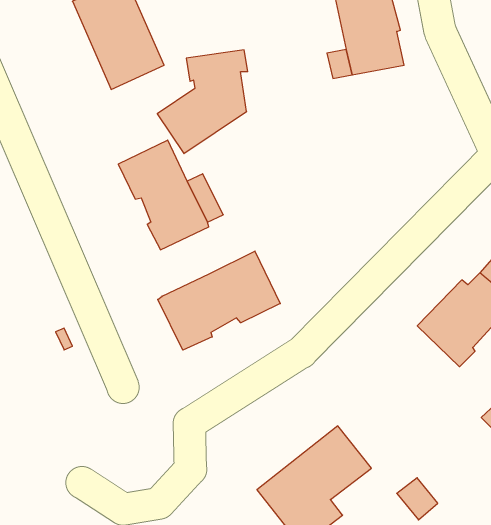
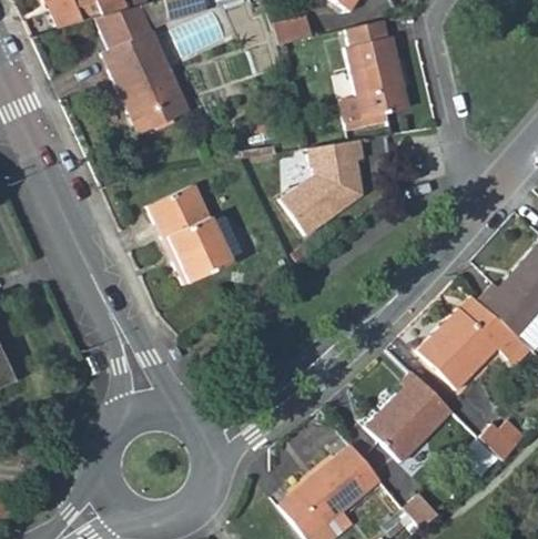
building: [157,50,248,154] -> [285,139,368,234]
building: [158,251,280,350] -> none
building: none -> [362,373,445,458]

